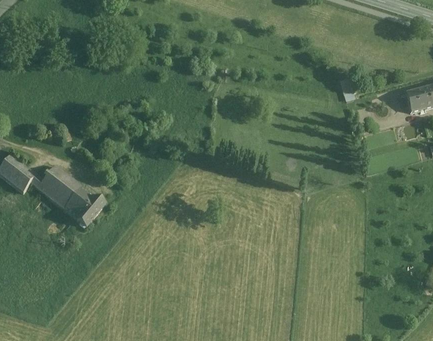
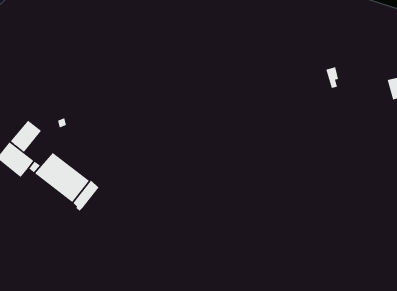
building: none -> [10,120,42,153]

